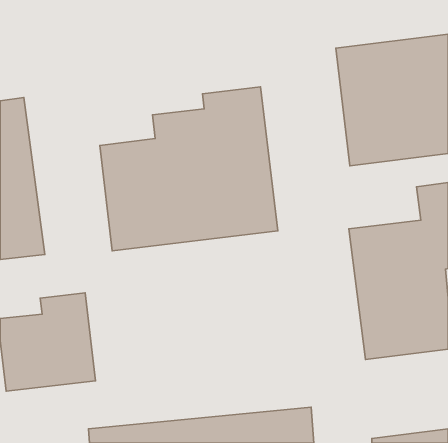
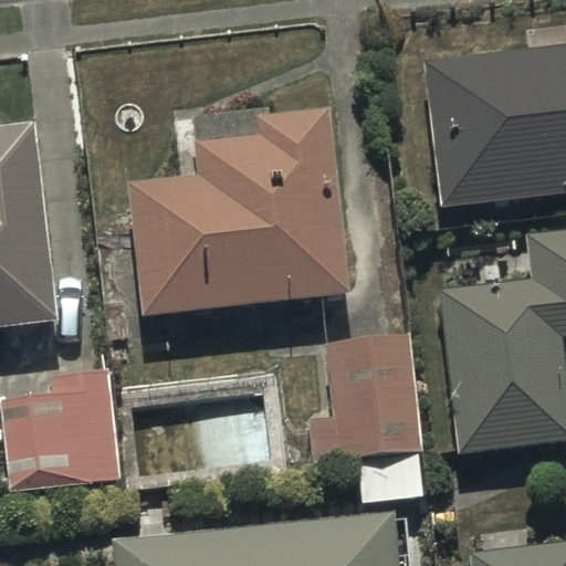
building: none -> [306,333,421,464]

